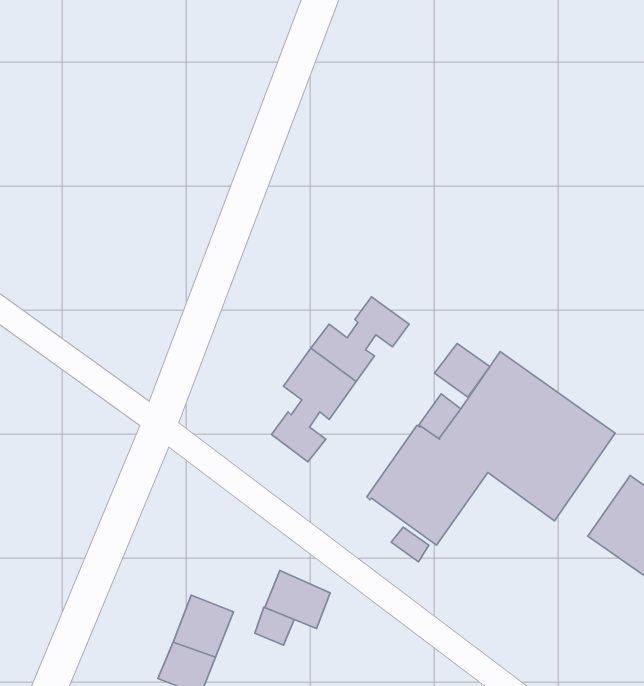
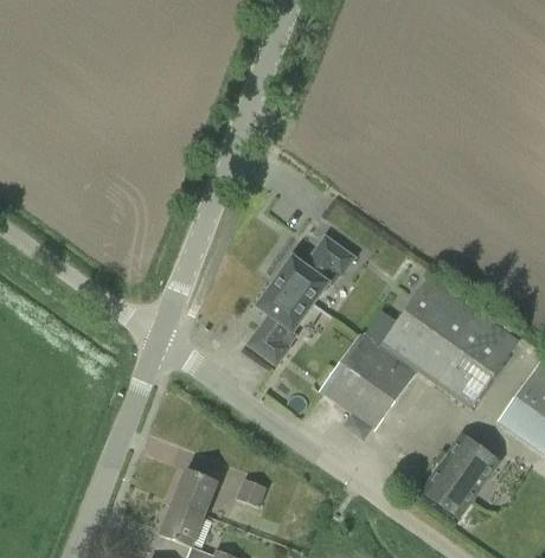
building: [435,343,490,397] -> none
building: none -> [421,432,500,517]
building: [265,570,330,629] -> none

